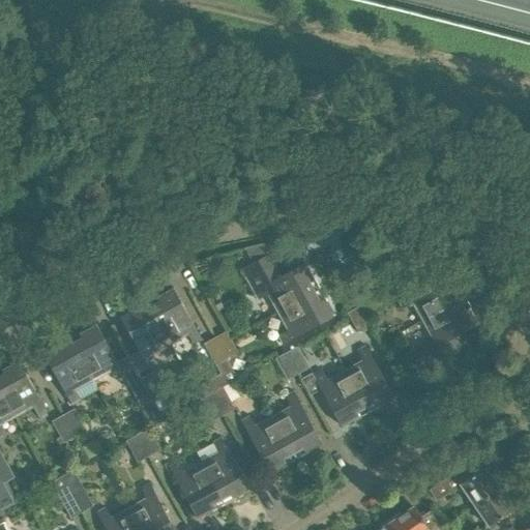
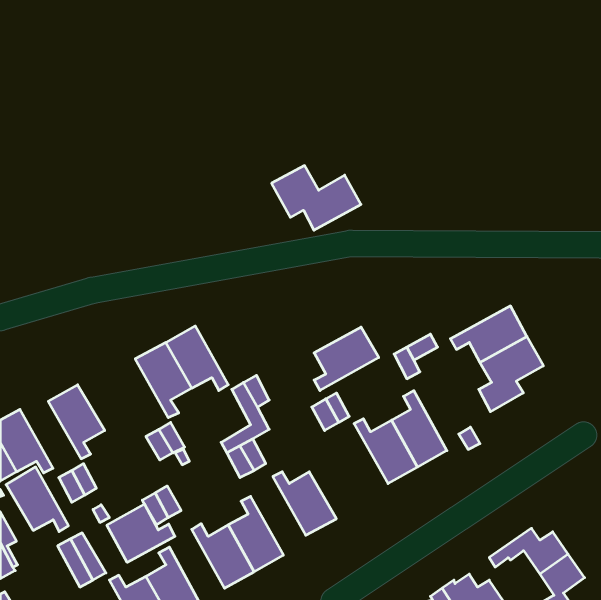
building: [239,255,318,312] -> [272,166,361,230]
building: [68,324,123,381] -> [6,467,68,532]
building: [272,391,321,458] -> none
building: none -> [107,504,175,562]

